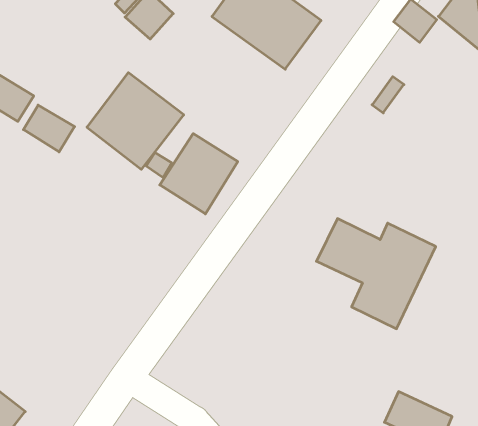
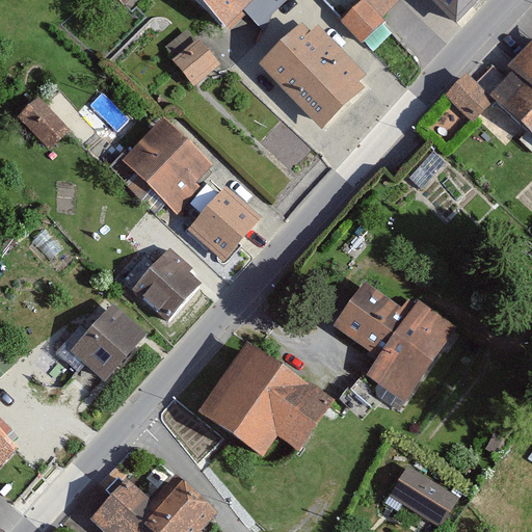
building: [23,105,75,152] -> none
building: none -> [135,248,202,317]
building: none -> [69,305,144,383]
building: none -> [196,341,316,446]

